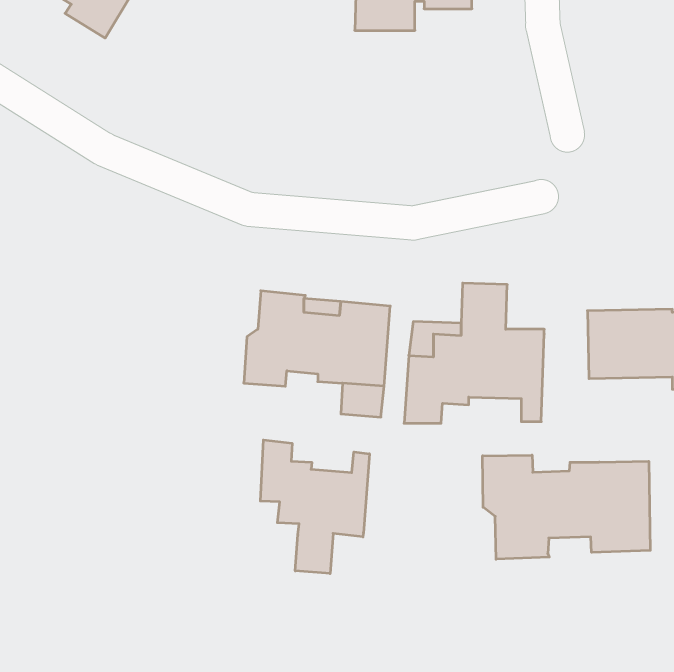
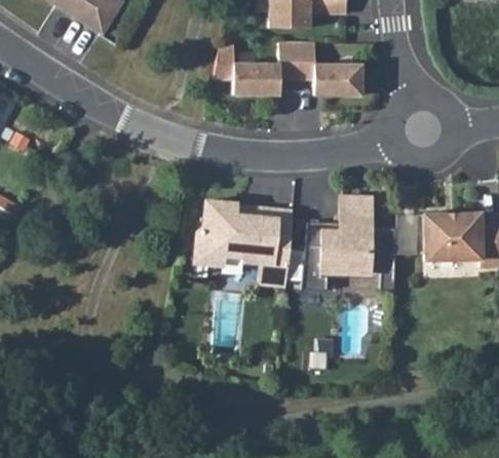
building: none -> [213,43,360,96]
building: [260,440,369,574] -> none
building: [483,455,650,559] -> none

